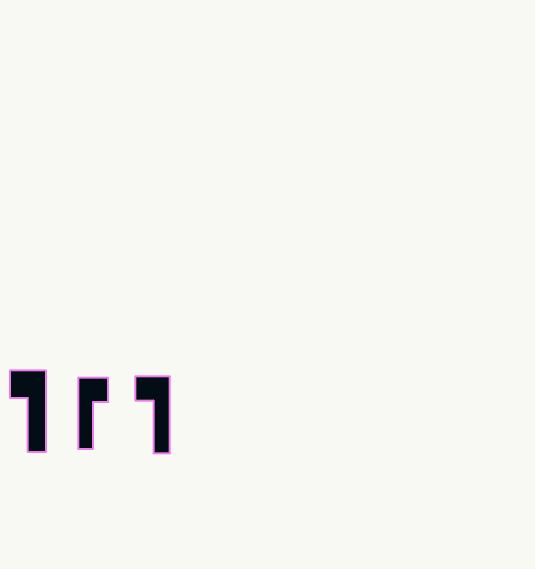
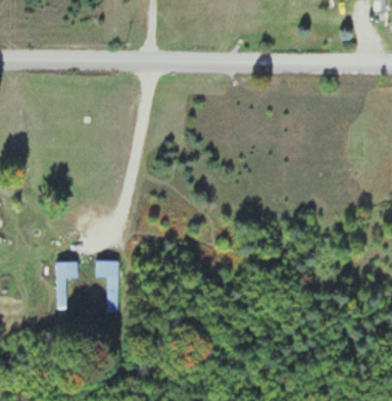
building: [10,370,46,452] -> none

